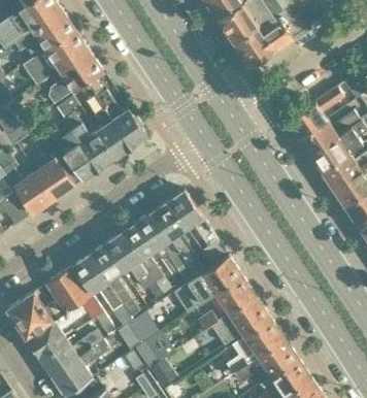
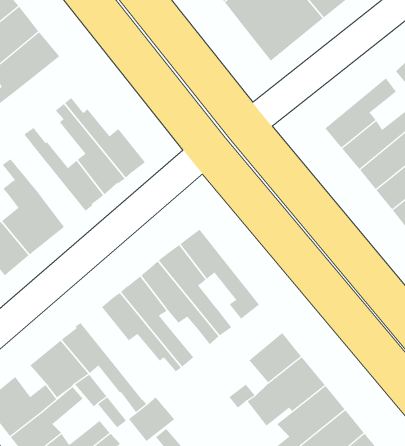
building: [47,49,103,104] -> none
building: [55,120,98,180] -> none
building: [88,244,139,318] -> none
building: [174,256,241,312] -> none

